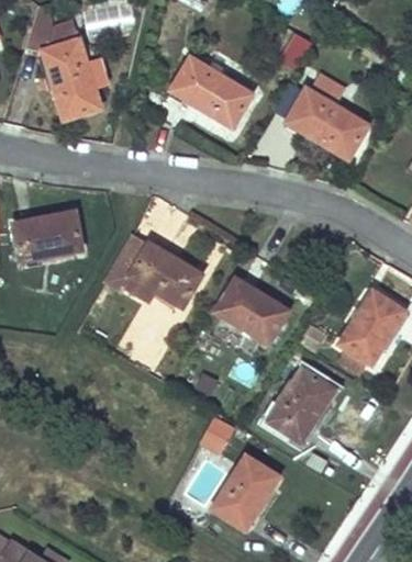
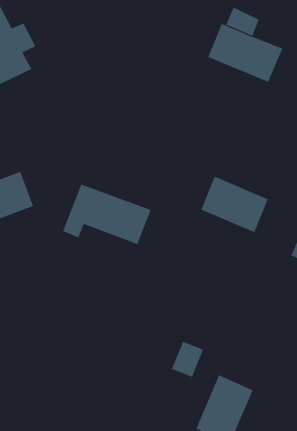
building: [170,57,249,127] -> none
building: [215,278,288,344] -> [201,176,269,233]
building: [268,369,334,441] -> none

